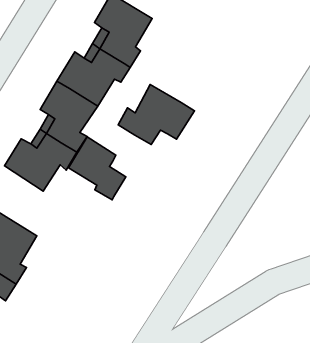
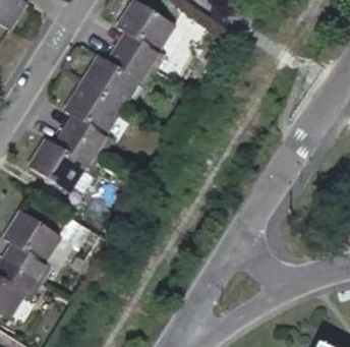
building: [118,84,194,144] -> none
building: [69,137,126,200] -> none

